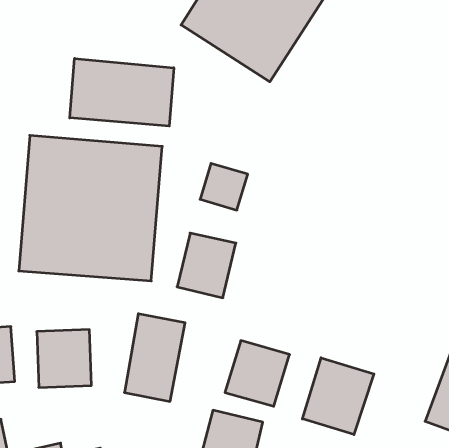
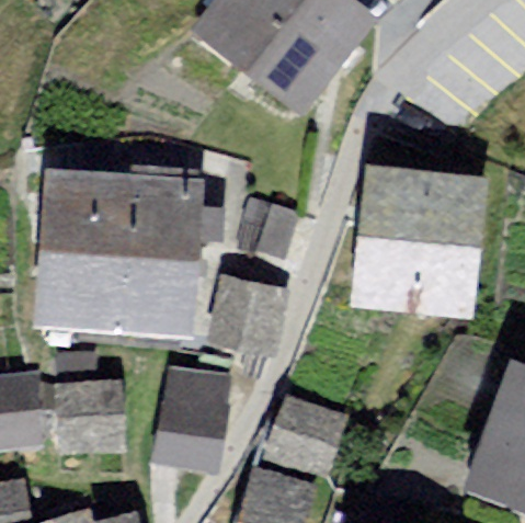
building: [70,58,174,126] -> none
building: none -> [365,174,471,304]
building: [302,358,374,435] -> none

